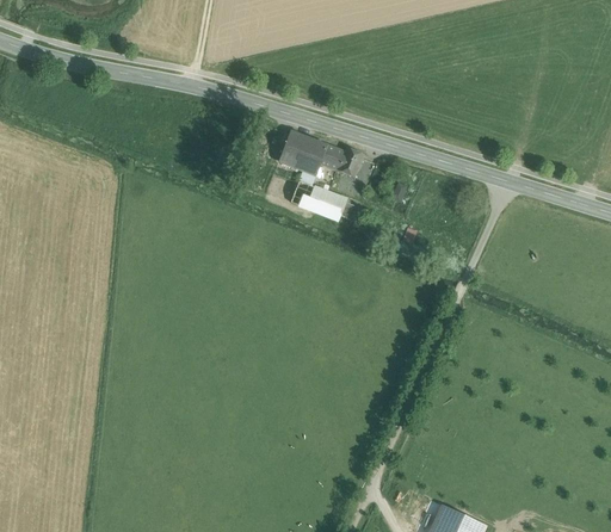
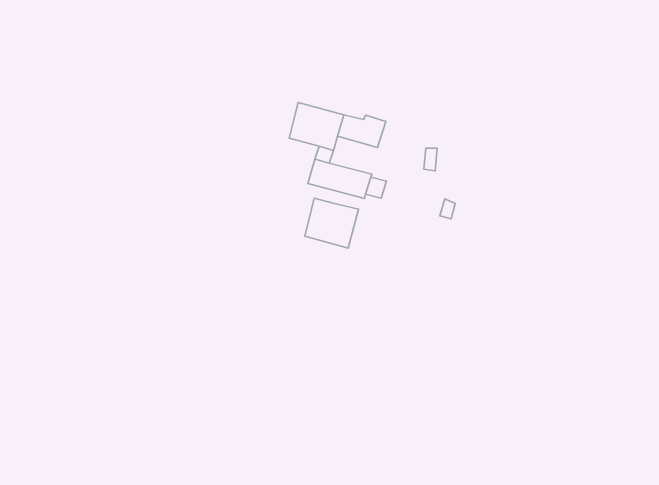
building: none -> [305,198,359,248]

